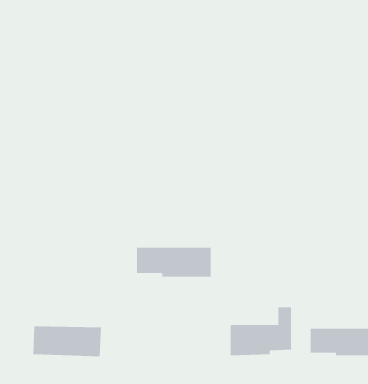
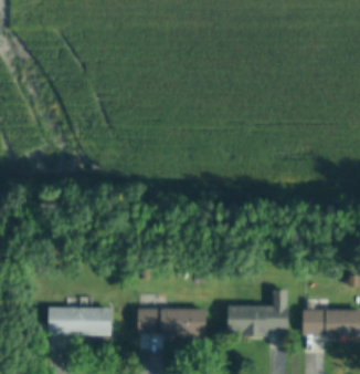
building: [136,247,212,277] -> [137,309,207,336]

